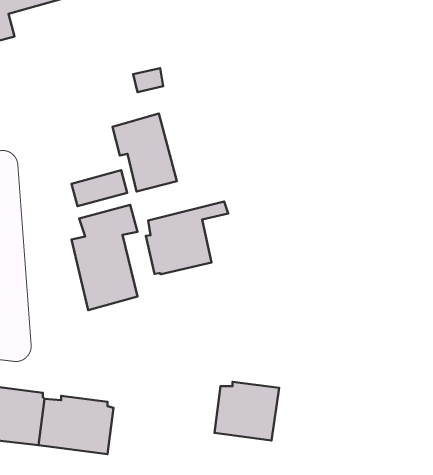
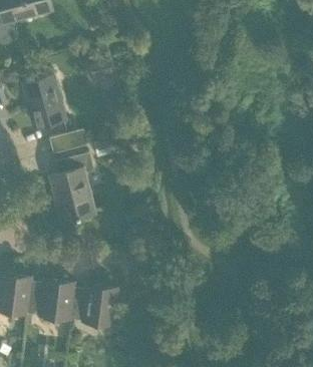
building: [112,113,177,192] -> [22,74,65,126]
building: [146,202,228,274] -> none
building: [215,382,279,440] -> [74,285,117,324]

